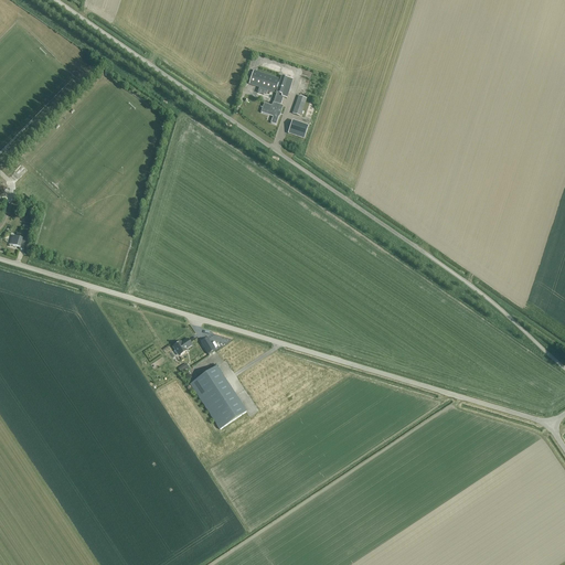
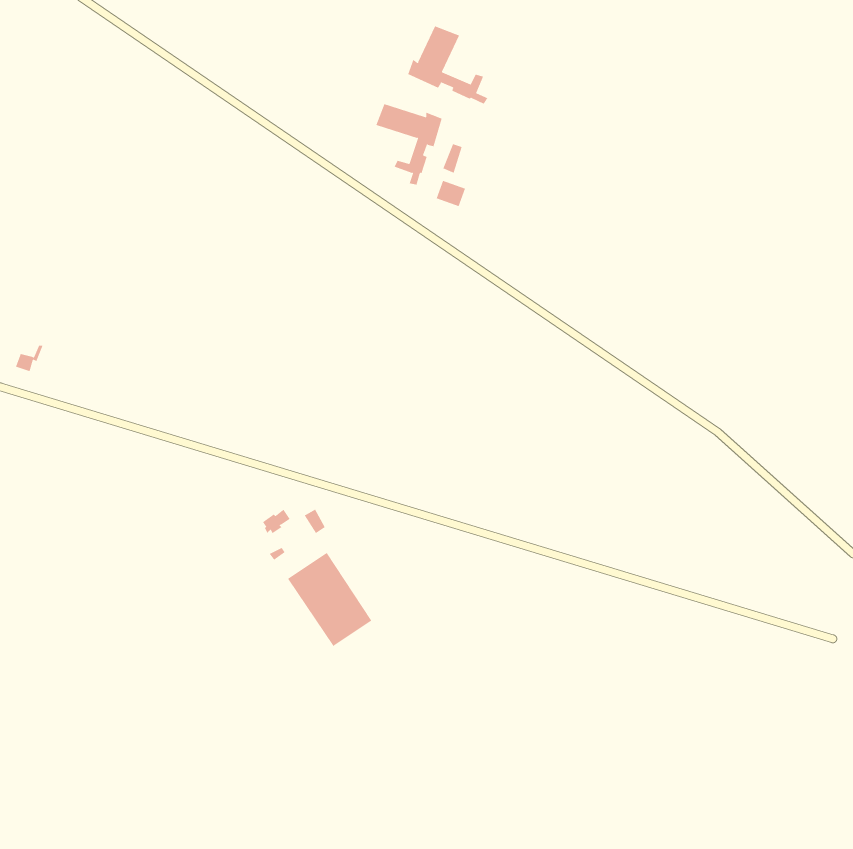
building: none -> [407,25,488,104]

